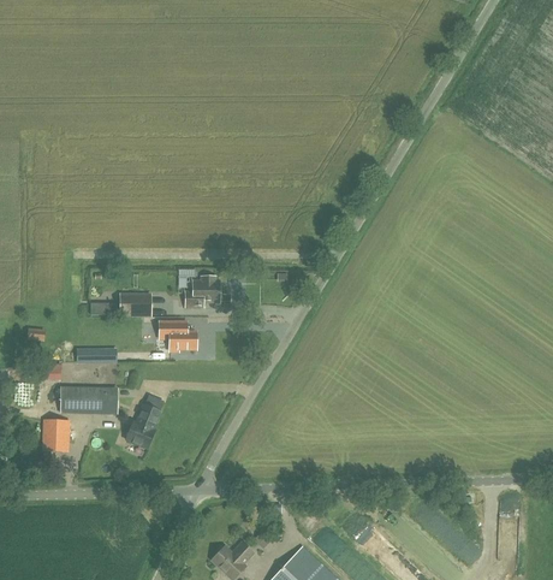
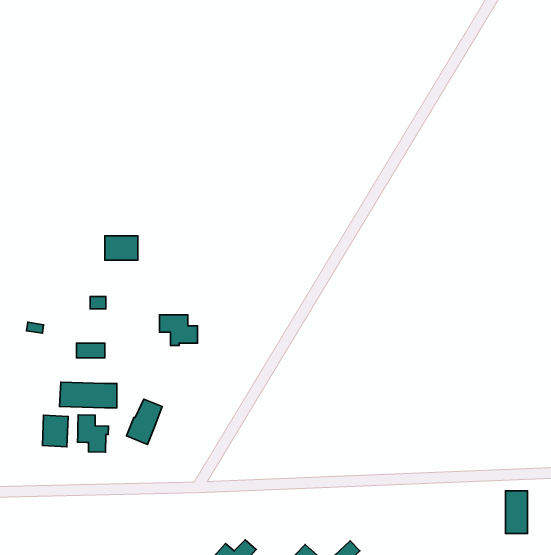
building: [185,277,219,307] -> none
building: [119,292,151,316] -> [105,236,138,260]
building: none -> [78,415,108,452]

